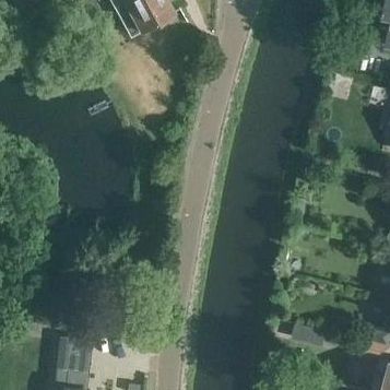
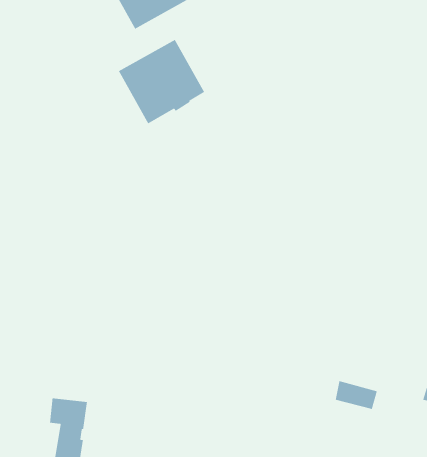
building: none -> [118,39,205,124]

